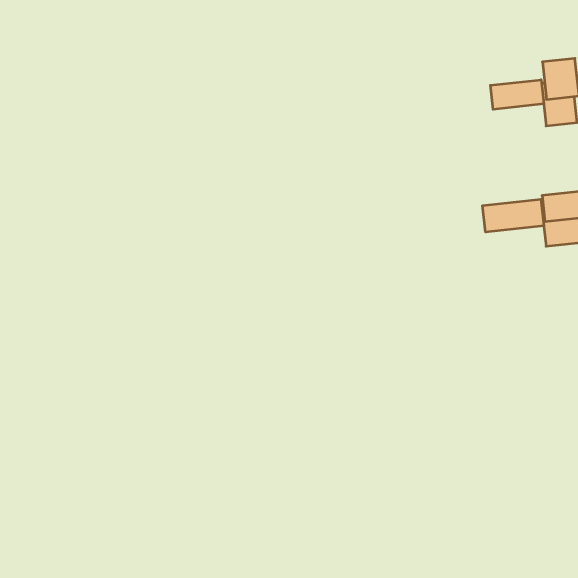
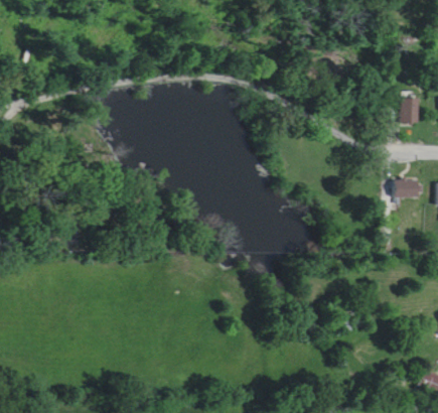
building: [490,80,544,109] -> none
building: [483,199,544,232] -> none

